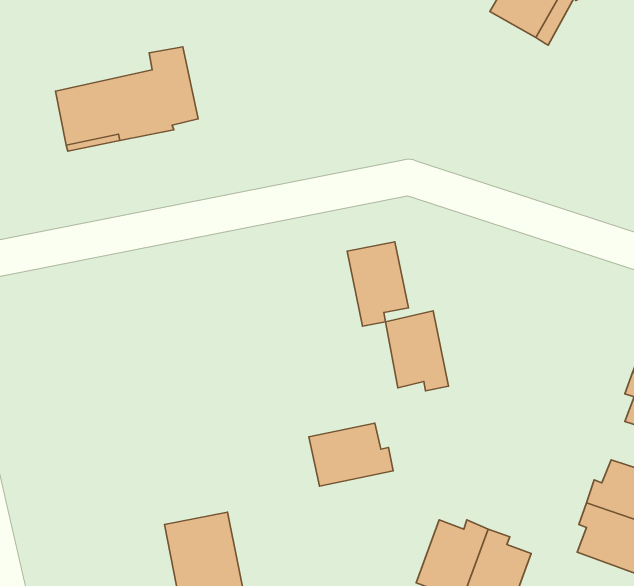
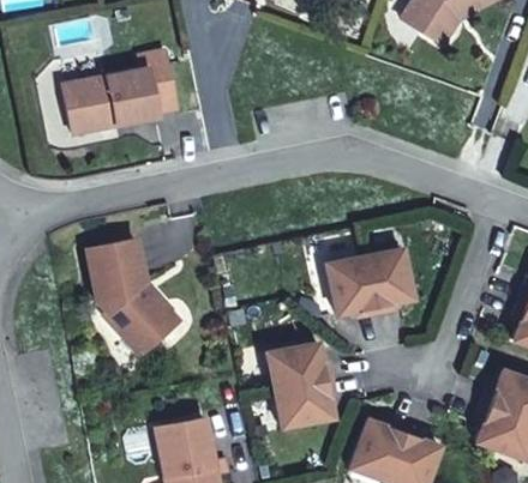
building: [347,242,409,326] -> [362,248,410,314]
building: none -> [90,237,173,356]
building: none -> [274,380,335,429]

